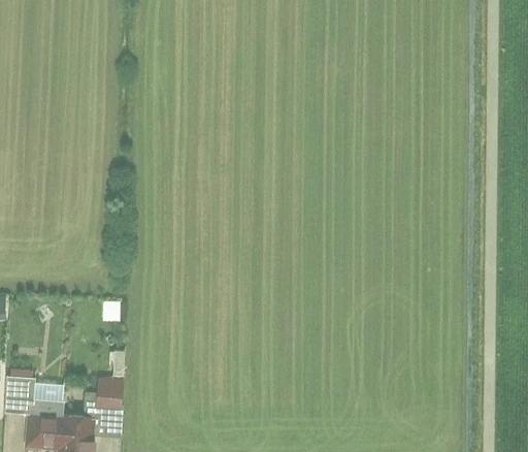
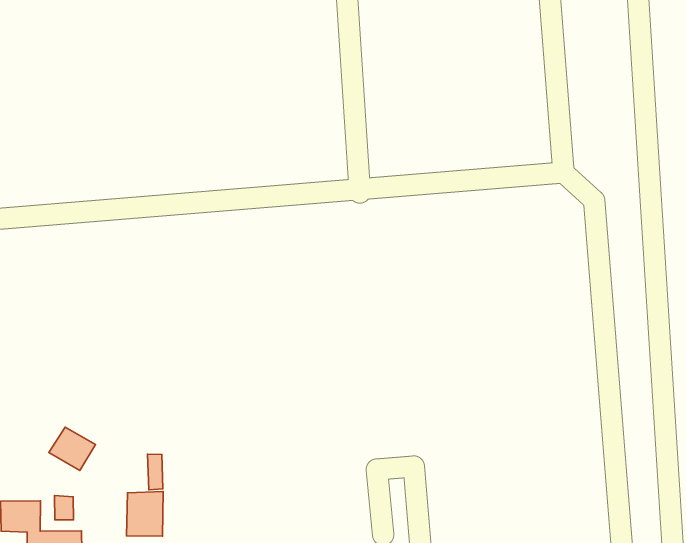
building: none -> [49,427,95,471]

